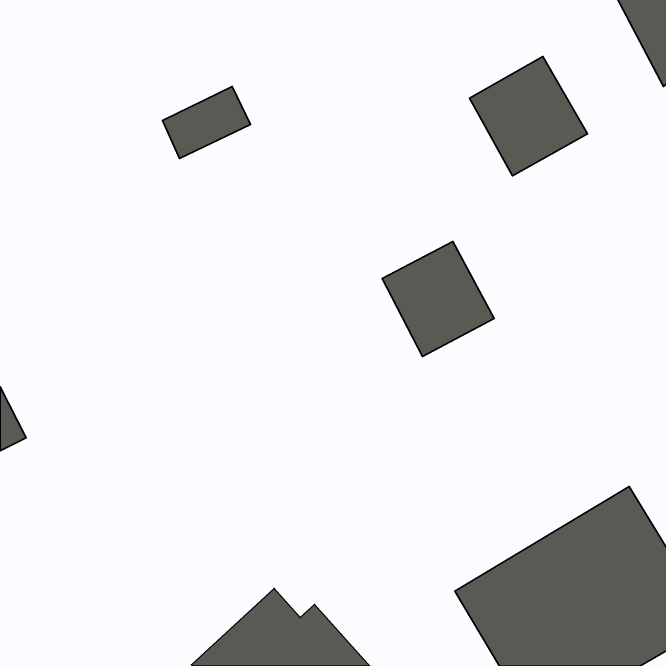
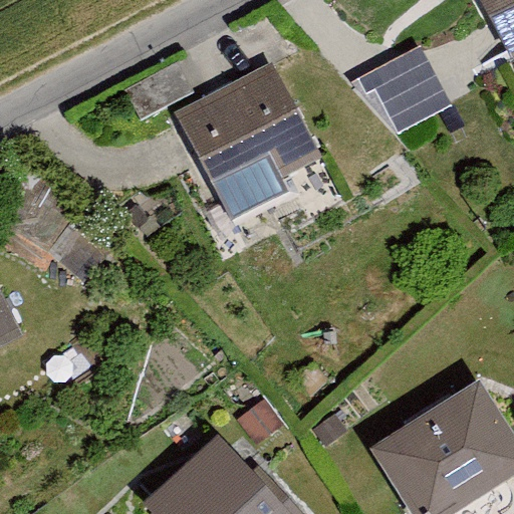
building: none -> [171,62,332,224]
building: [382,241,494,357] -> none

